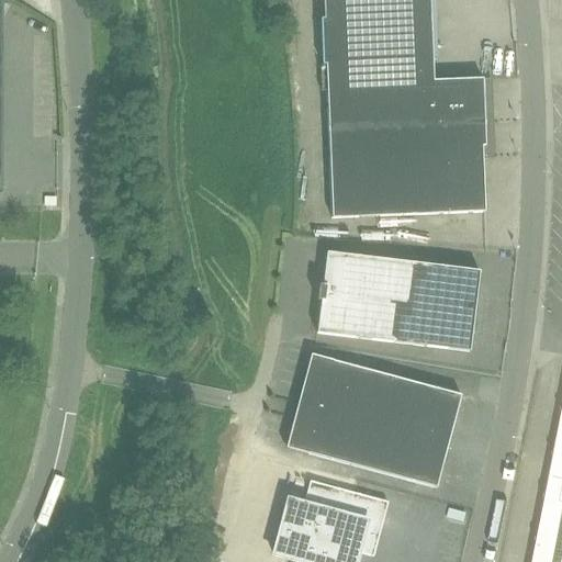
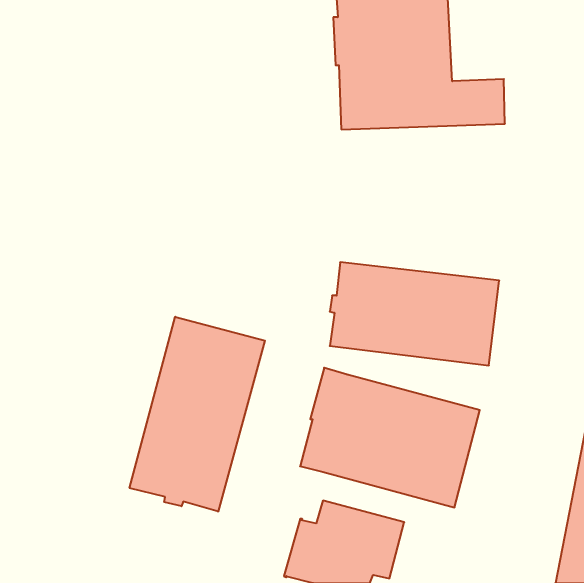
building: [328,119,486,216] -> none
building: none -> [130,317,265,512]

